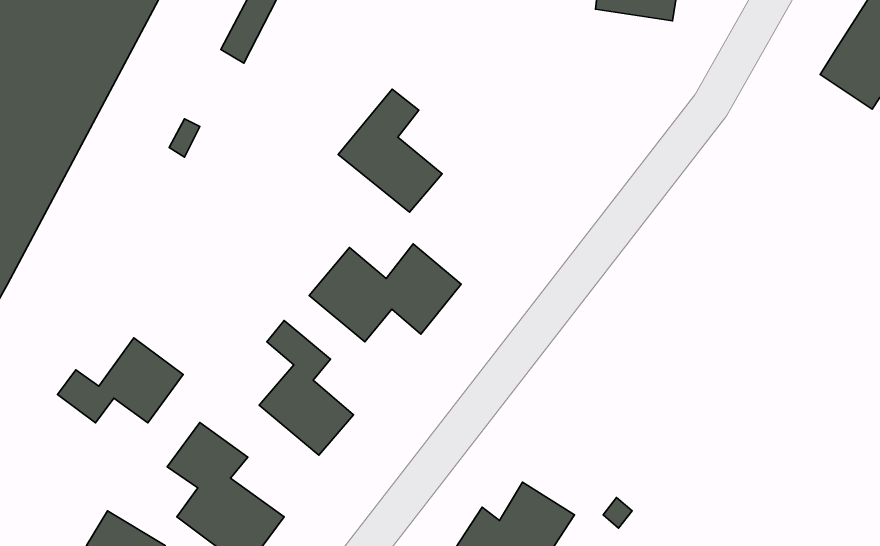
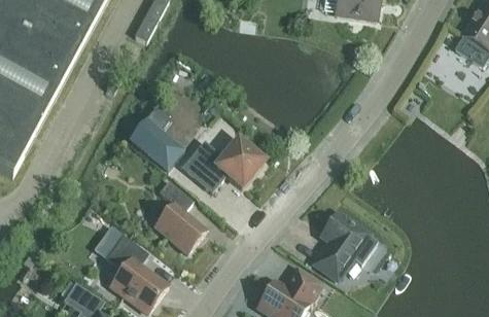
building: [338,89,442,212] -> [127,106,182,172]
building: [57,338,183,423] -> none
building: none -> [314,214,375,280]

